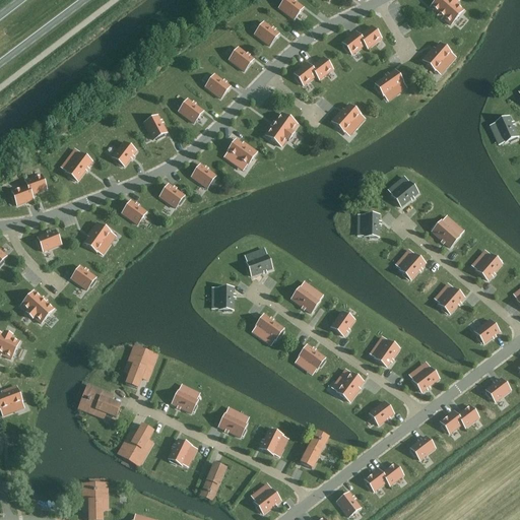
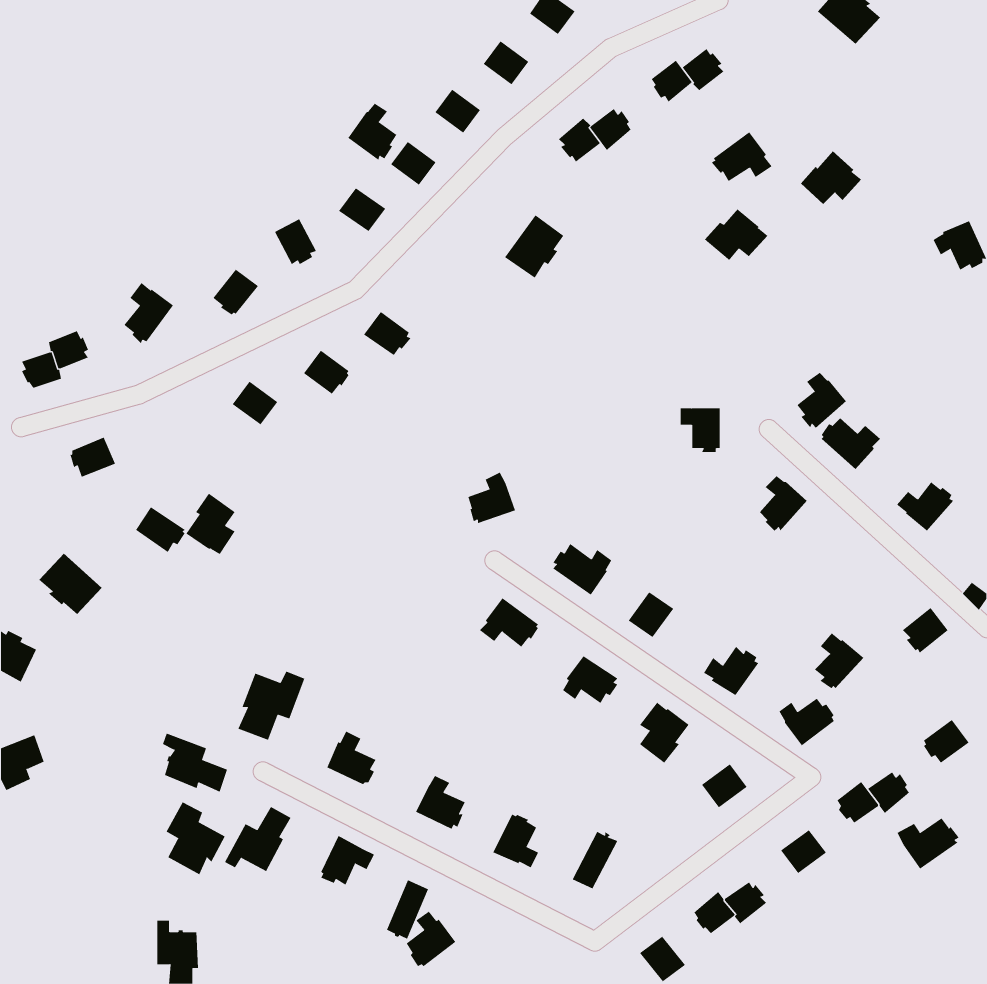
building: [422,42,455,70] -> [800,151,862,205]
building: none -> [347,103,397,161]
building: [331,104,365,131] -> [704,209,768,261]
building: [224,138,257,165] -> none
building: [391,177,417,206] -> [797,372,847,428]
building: [84,221,111,254] -> [185,493,236,555]
building: [438,283,464,313] -> [814,633,864,689]
building: [212,287,234,311] -> none
building: none -> [166,801,226,875]
building: none -> [897,818,960,869]
building: [254,483,280,513] -> [406,911,456,967]

